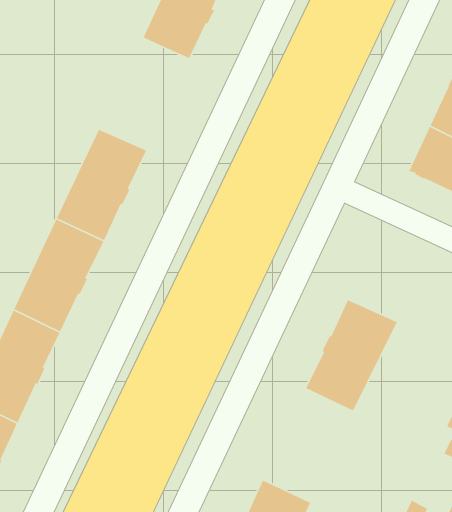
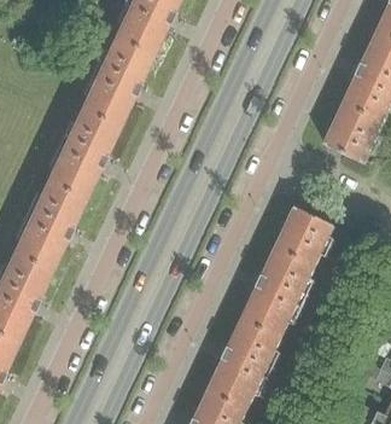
building: none -> [80,39,152,128]
building: none -> [278,209,334,265]
building: none -> [210,318,282,408]

